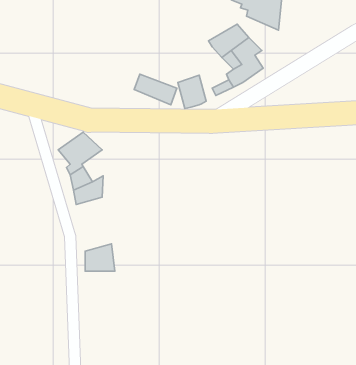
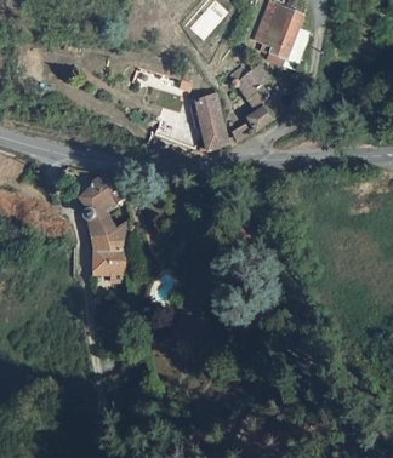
building: none -> [194,93,221,124]
building: [85,244,115,271] -> [95,241,125,269]

